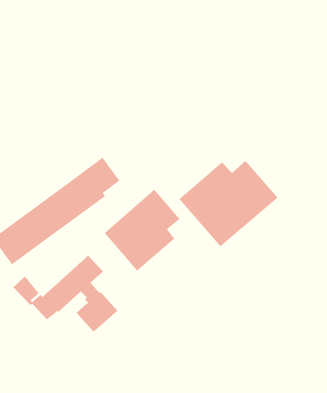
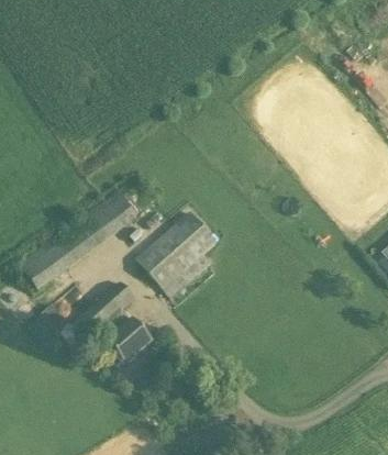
building: [179,160,279,247] -> none

